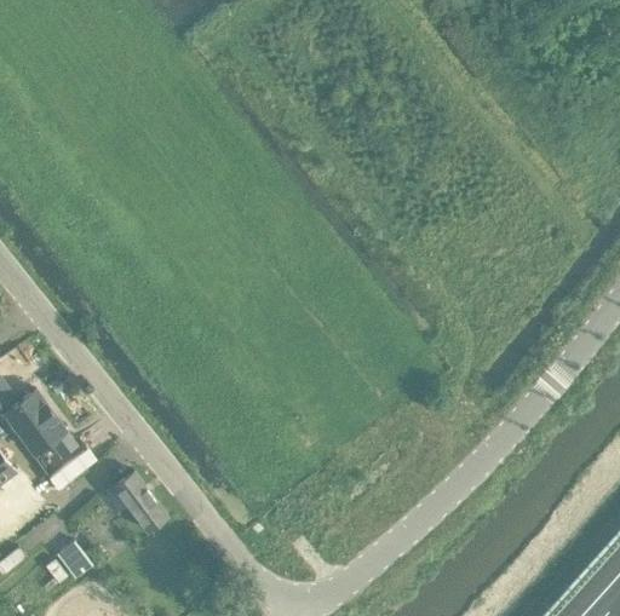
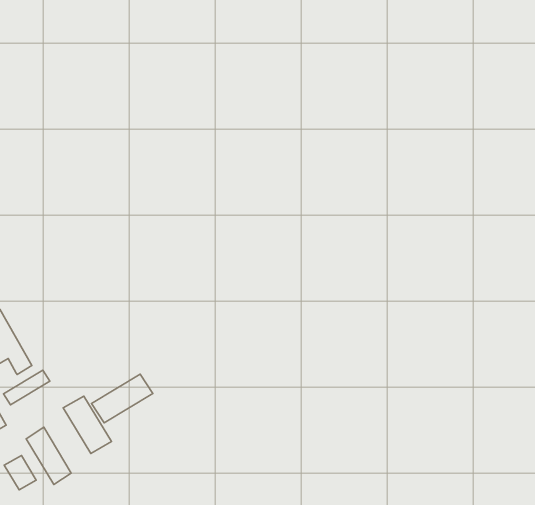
building: none -> [92,374,153,423]
building: none -> [26,427,71,484]

